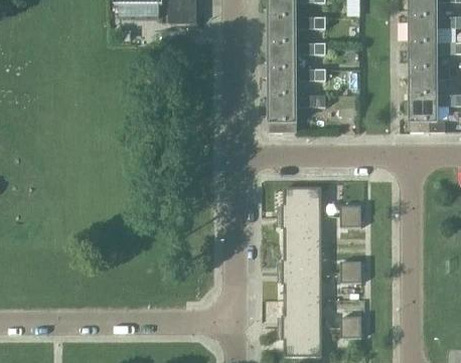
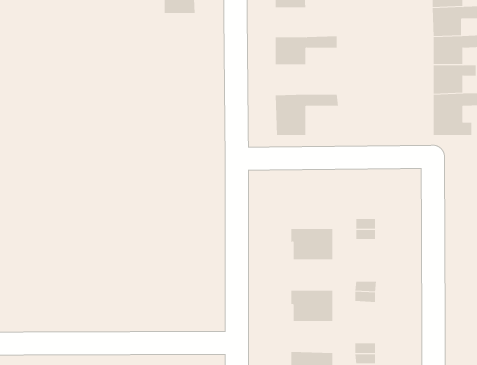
building: [269,18,325,44] -> none
building: [269,69,325,97] -> none
building: [282,188,321,216] -> none
building: [283,244,321,271] -> none
building: [283,300,321,328] -> none

